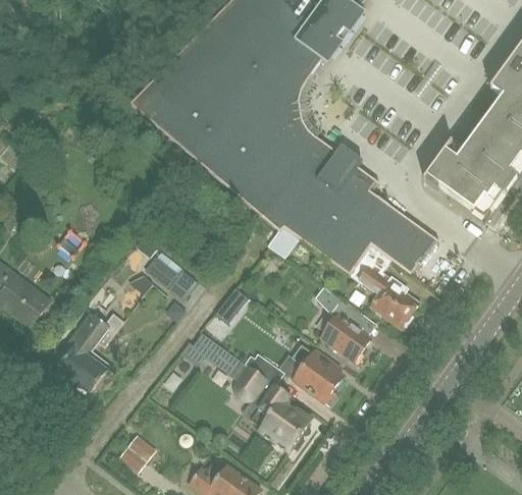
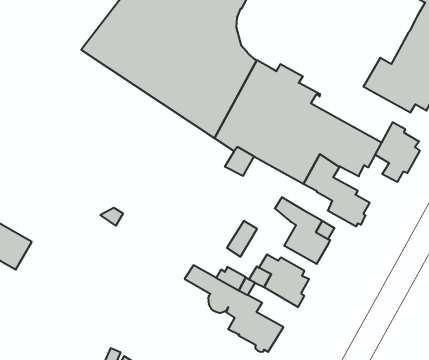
building: none -> [375,122,420,182]
building: [146,257,198,300] -> none
building: [214,287,249,325] -> [227,221,257,257]
building: [58,313,122,392] -> none
building: [182,332,222,365] -> none

